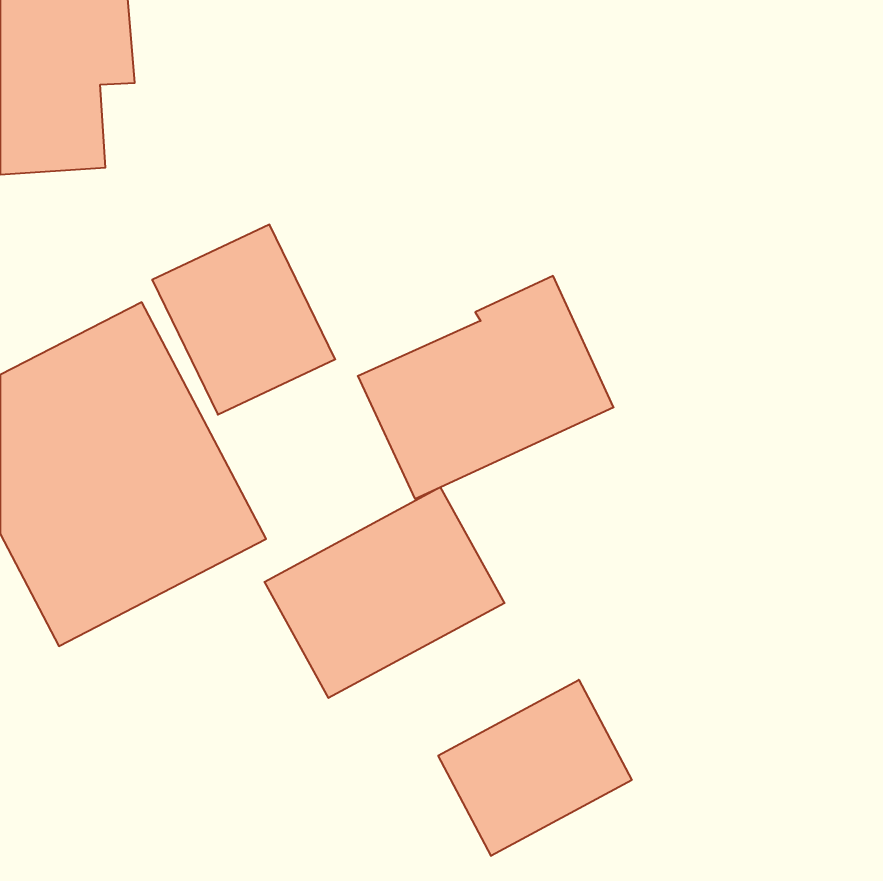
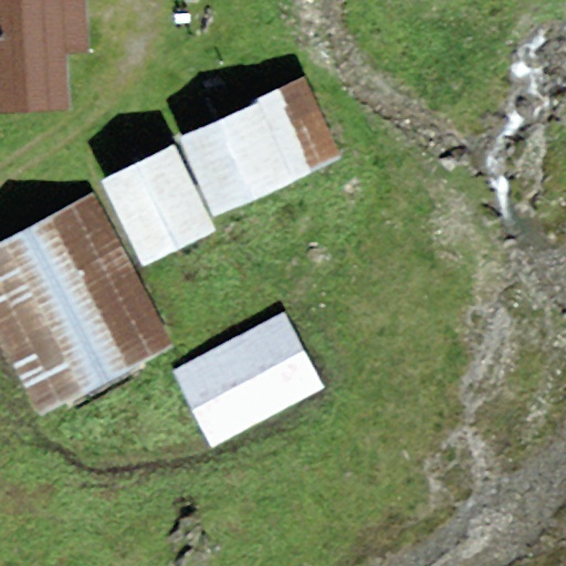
building: [358,276,614,499] -> [178,74,342,217]
building: [438,680,632,856] -> none

